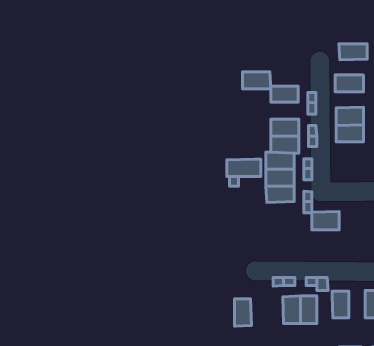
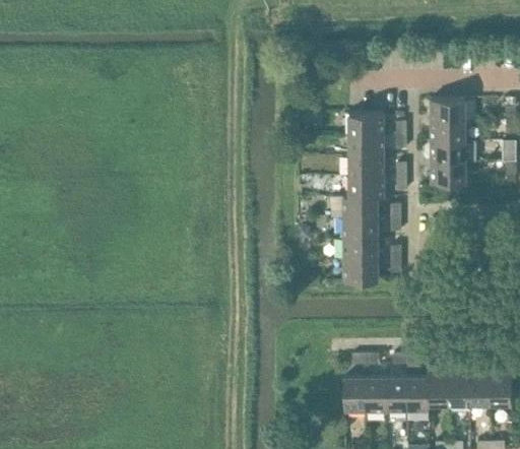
building: [339,44,367,60] -> [431,122,466,142]
building: [242,72,271,89] -> [349,135,385,156]
building: [227,159,261,177] -> none
building: [312,211,339,230] -> [344,260,379,283]
building: none -> [448,372,468,406]
building: none -> [407,379,428,424]
building: [234,299,251,326] -> [344,380,366,414]

